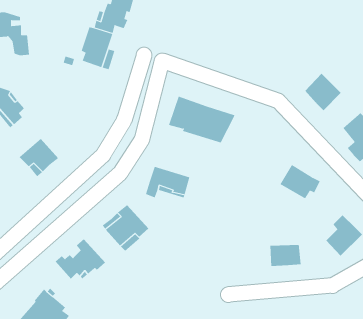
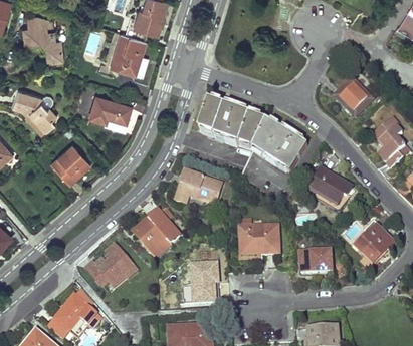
building: none -> [87,93,130,120]
building: none -> [252,119,308,170]
building: none -> [239,224,279,253]
building: none -> [192,262,218,300]

